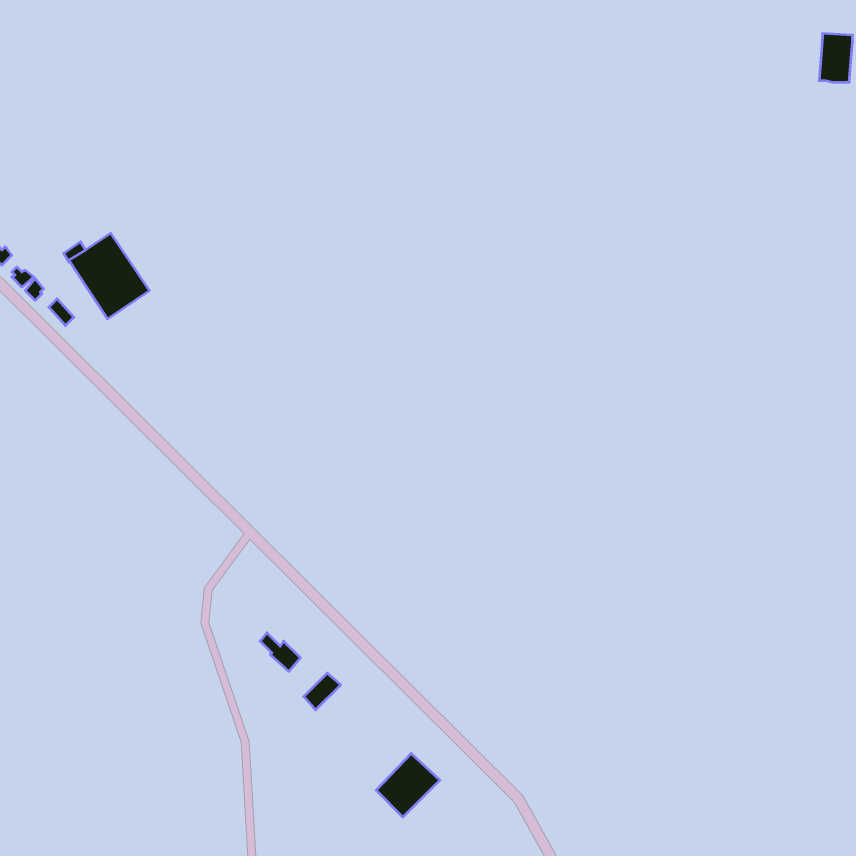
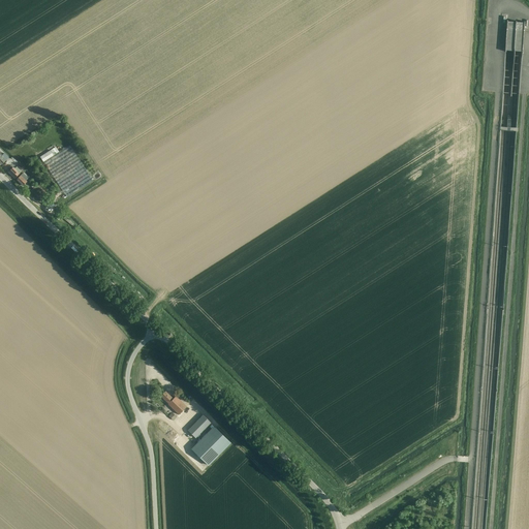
building: [376,753,440,817] -> [190,426,229,465]

